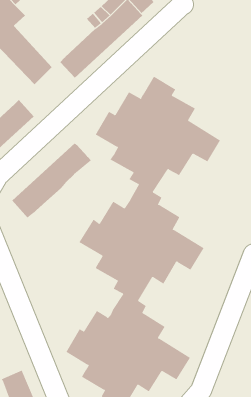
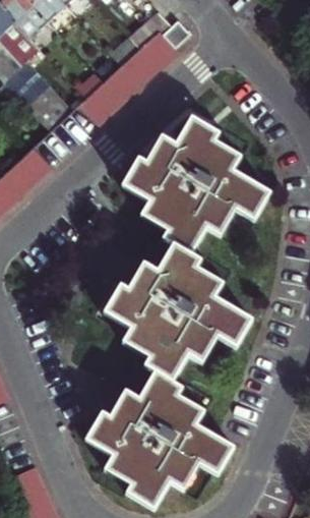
building: [11,142,92,218] -> none

